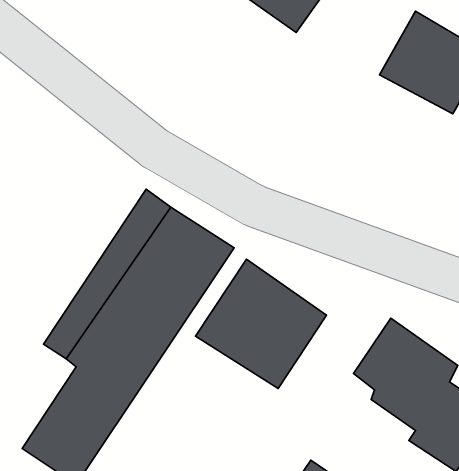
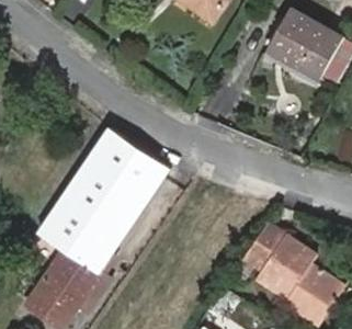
building: [196,259,326,388] -> none

